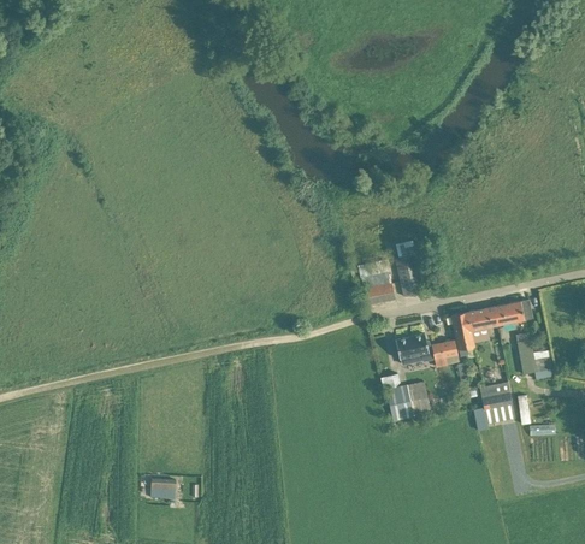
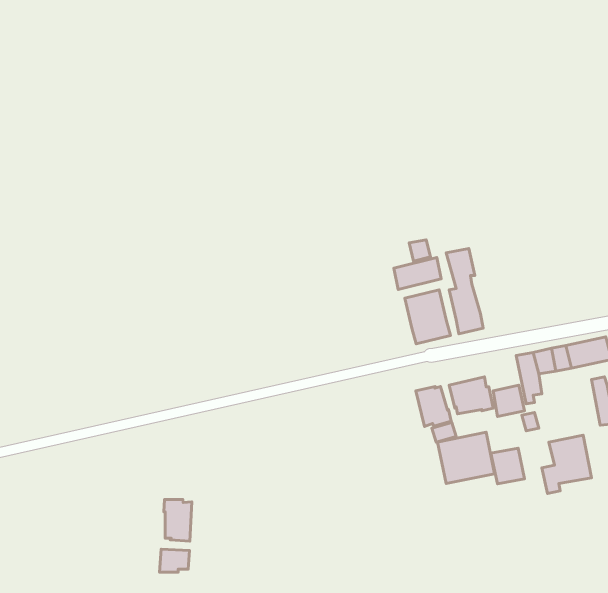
building: none -> [394,258,441,290]
building: none -> [416,386,451,426]
building: none -> [491,448,525,484]
building: none -> [164,499,192,541]

